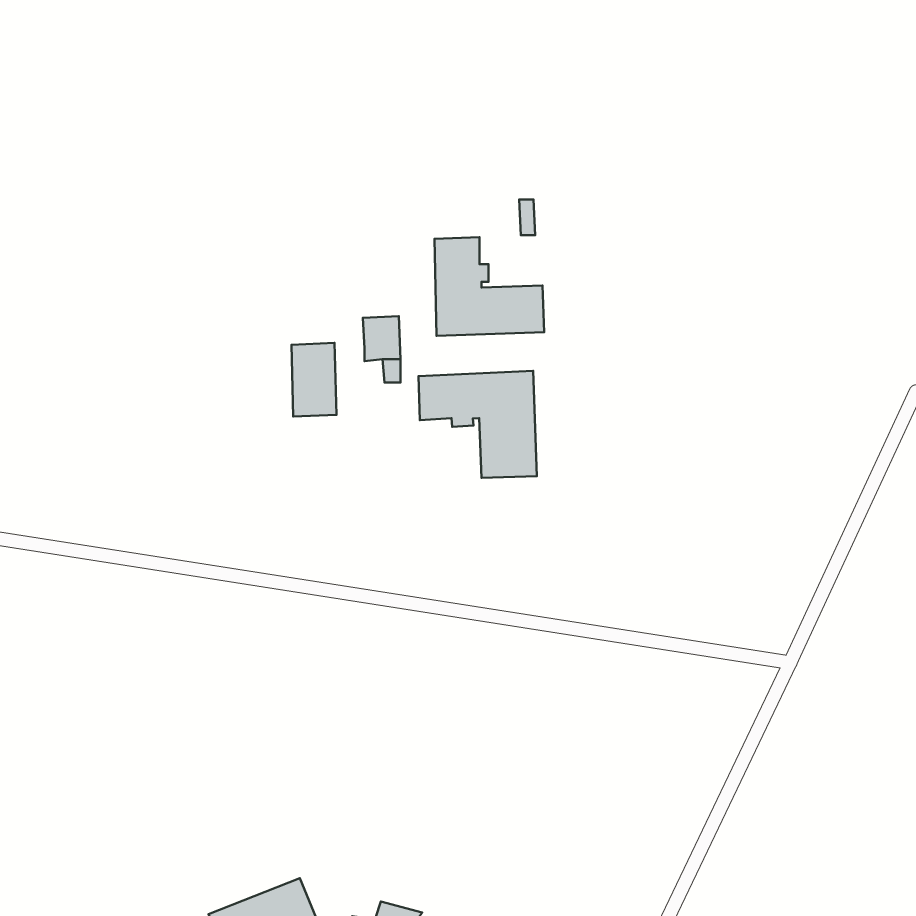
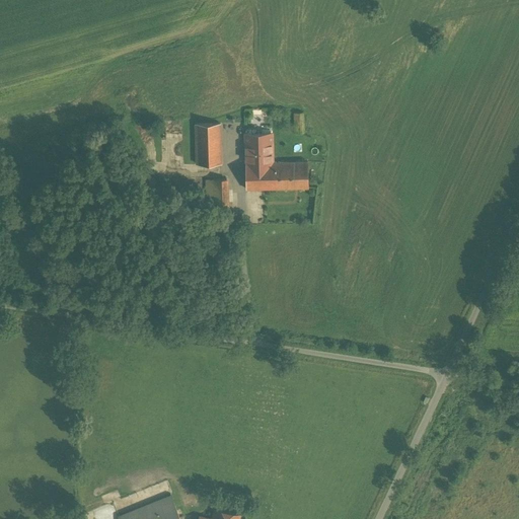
building: [291,343,336,417] -> [195,124,220,165]
building: [419,371,537,478] -> none

